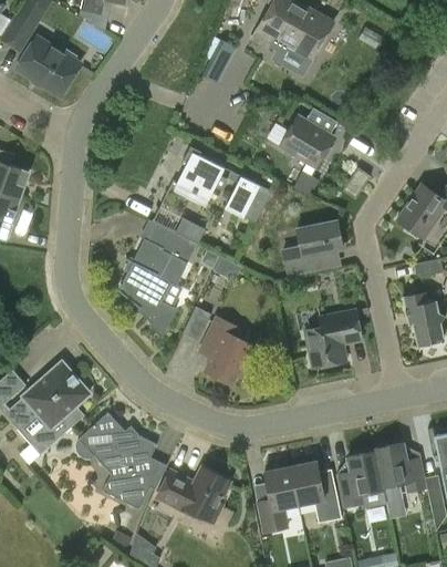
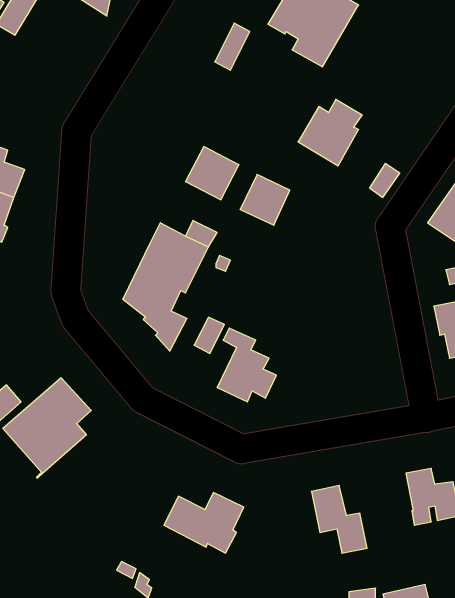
building: [18,37,80,94] -> none
building: [283,220,343,275] -> none
building: [304,310,361,368] -> none
building: [77,412,167,508] -> none
building: [336,450,384,508] -> none
building: [256,466,299,534] -> none

